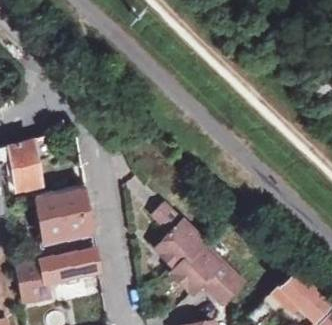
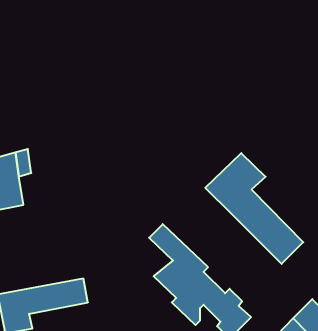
building: none -> [205,153,303,264]
building: [36,187,97,260] -> none

